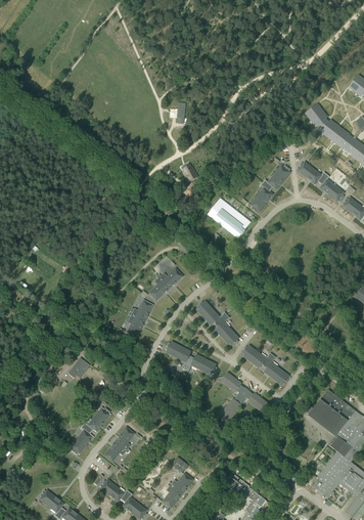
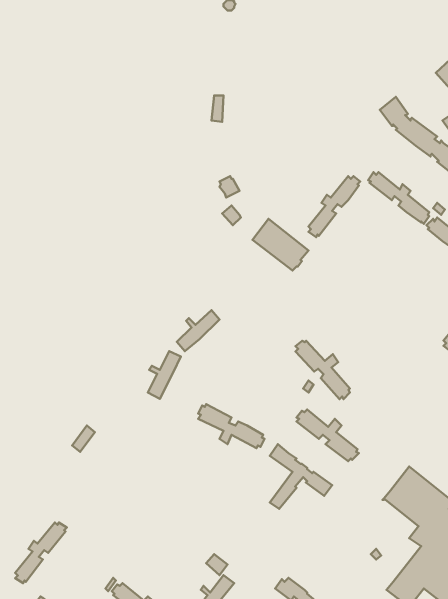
building: [196,301,238,346] -> [296,341,350,399]
building: [71,407,110,454] -> [15,522,67,583]
building: [104,427,134,462] -> none

